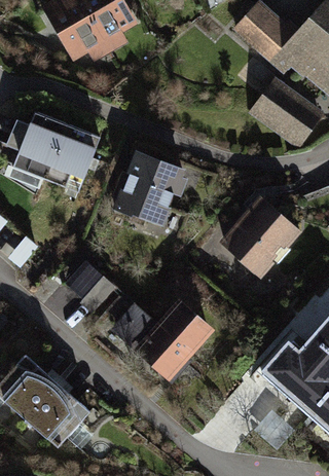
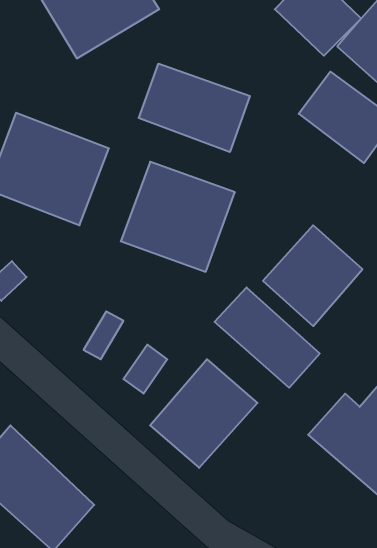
building: none -> [139,64,250,152]
building: none -> [215,287,320,388]

